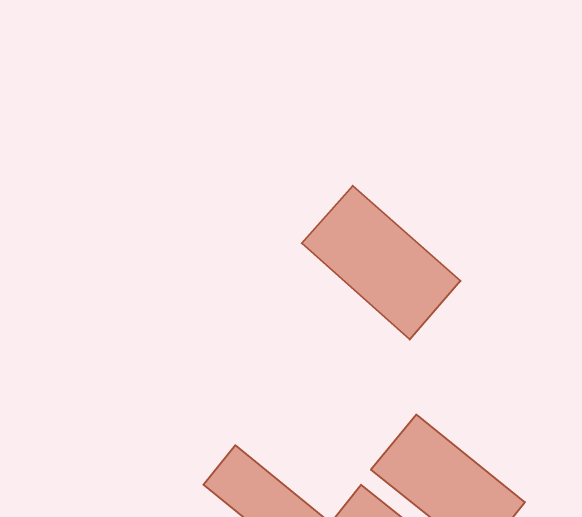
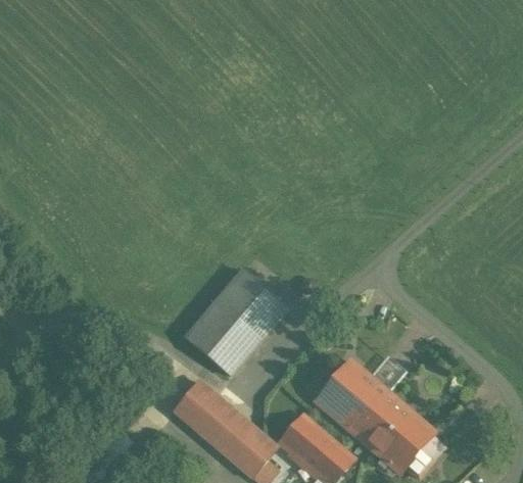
building: [302,186,461,340] -> none
building: none -> [184,272,284,374]

